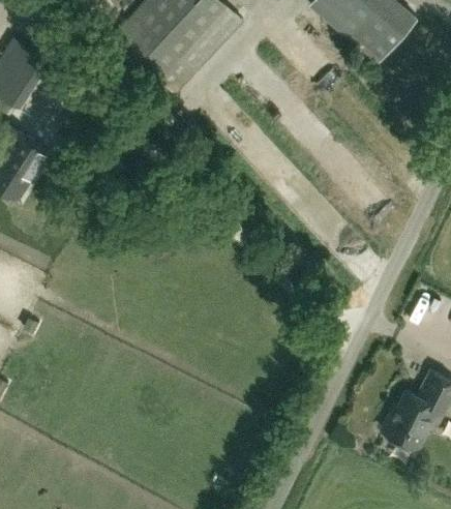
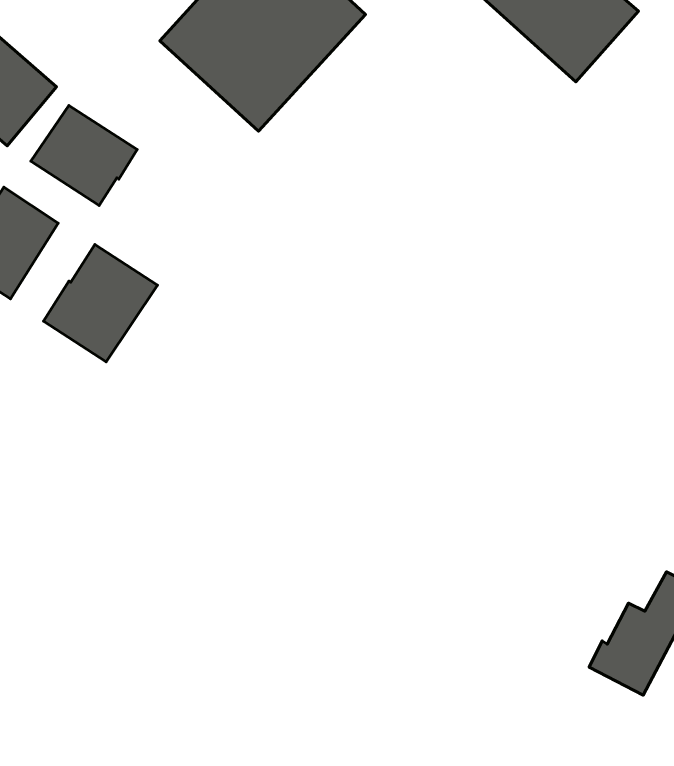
building: none -> [31,105,137,206]
building: none -> [43,244,157,362]

